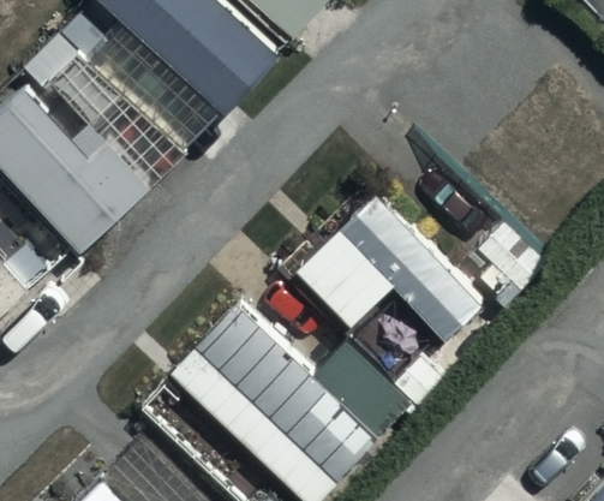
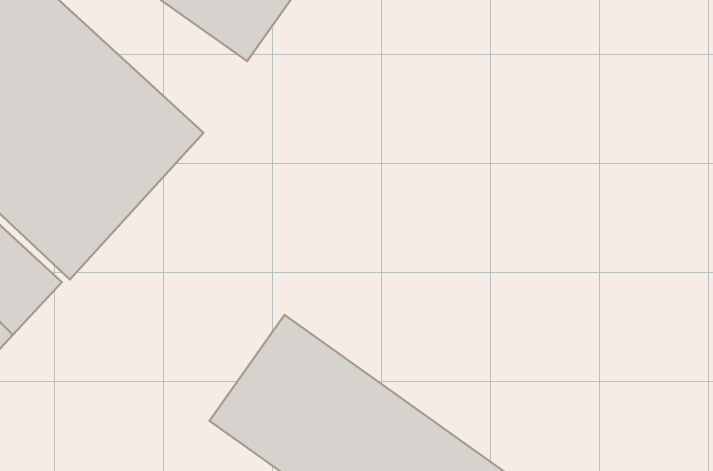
building: [291,192,484,342] -> none

